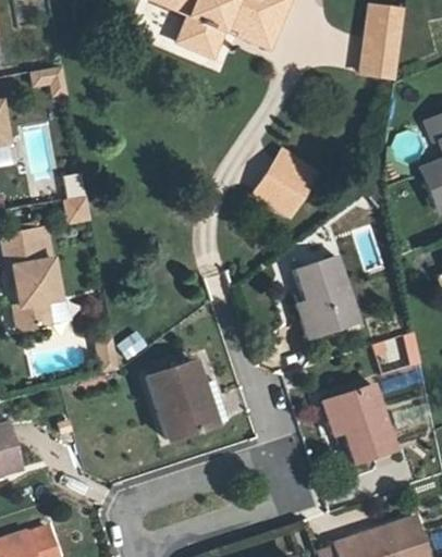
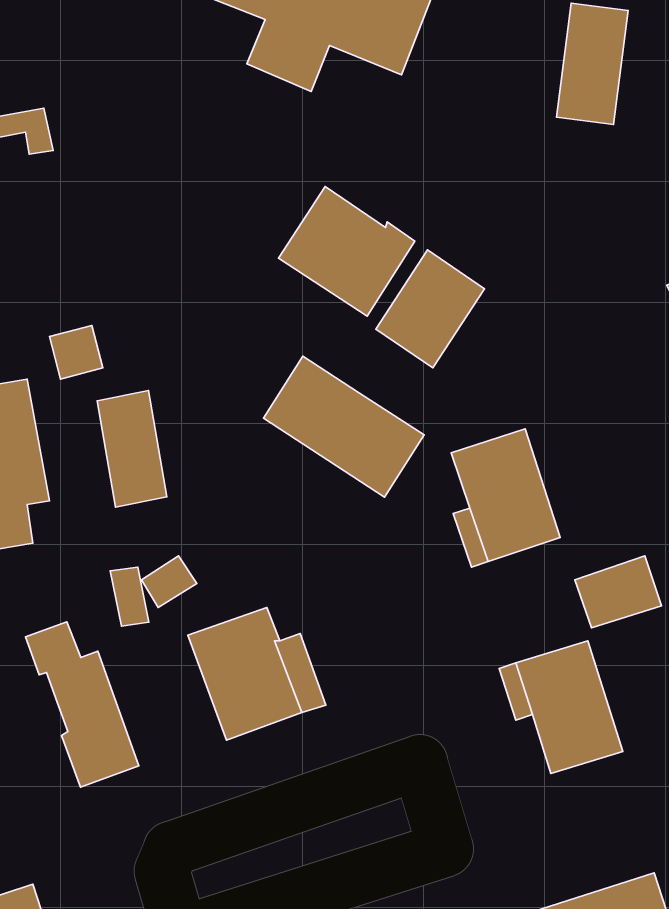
building: none -> [279,187,415,316]
building: none -> [263,356,424,497]
building: none -> [97,390,167,507]
building: none -> [26,622,139,787]

